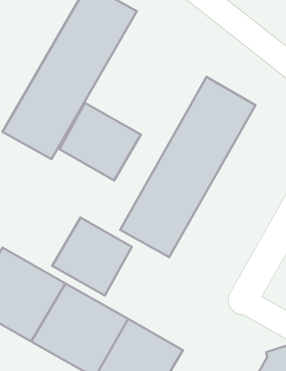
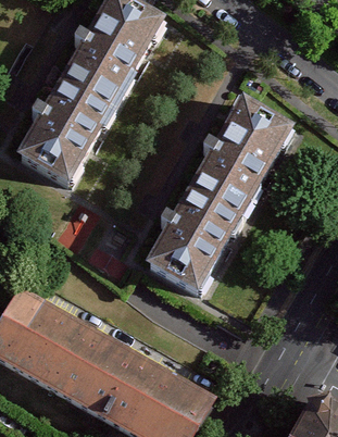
building: [59,103,141,180] -> none
building: [52,217,132,296] -> none

